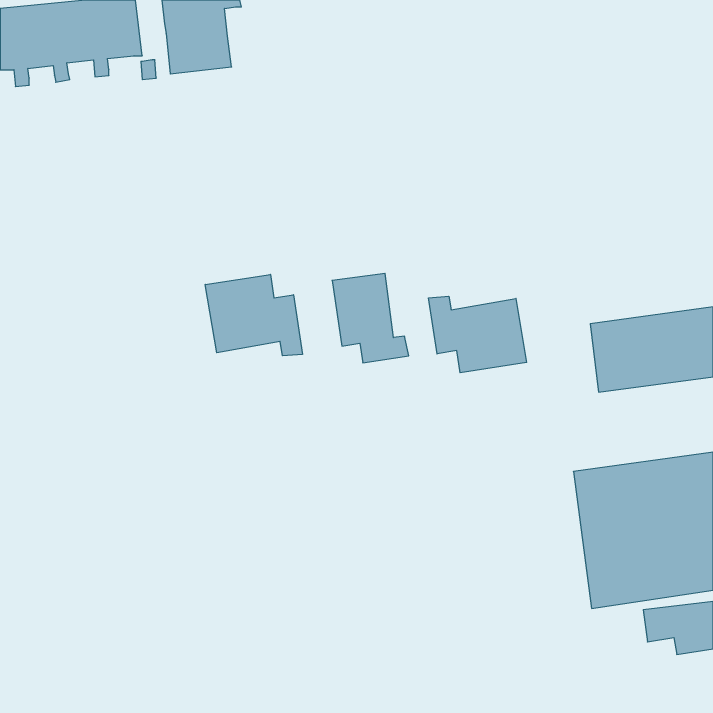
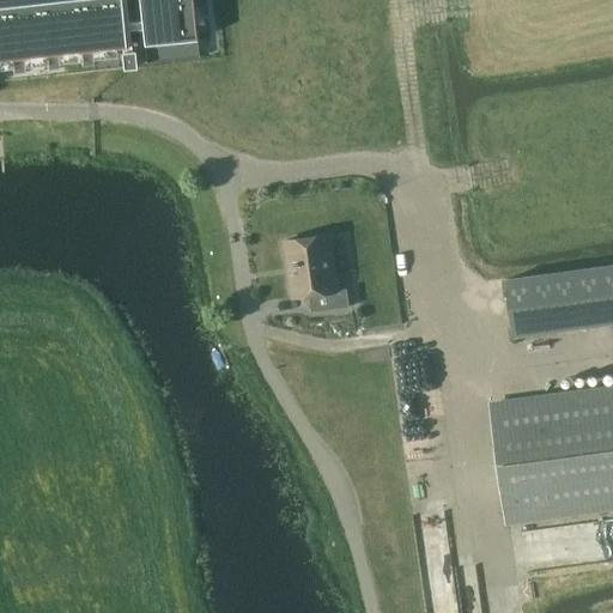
building: [205,274,302,356] -> none
building: [429,296,527,373] -> none

